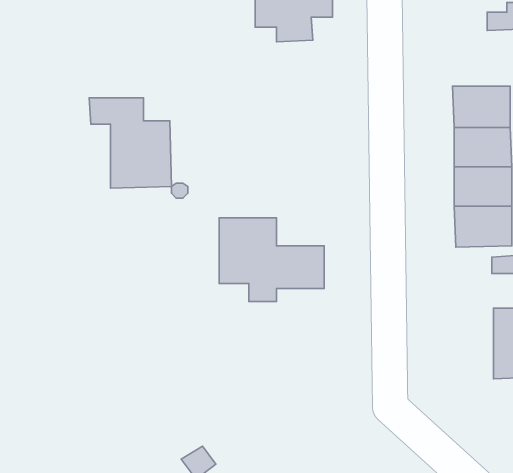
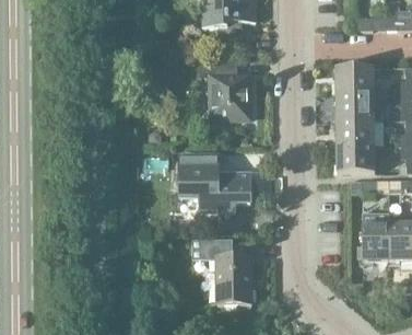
building: [89,98,171,188] -> [196,58,250,118]
building: none -> [192,238,251,303]

